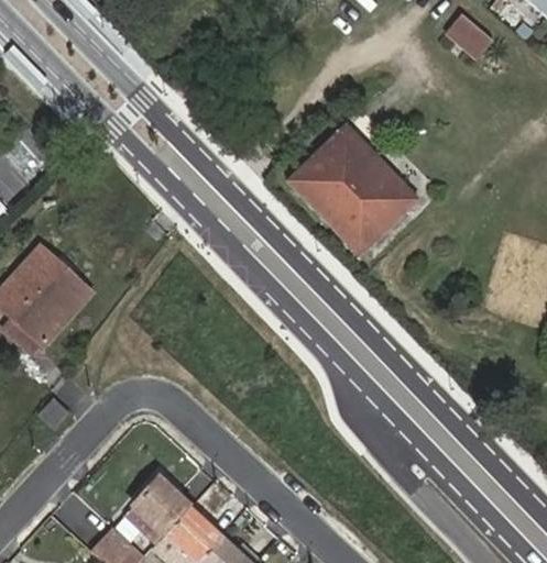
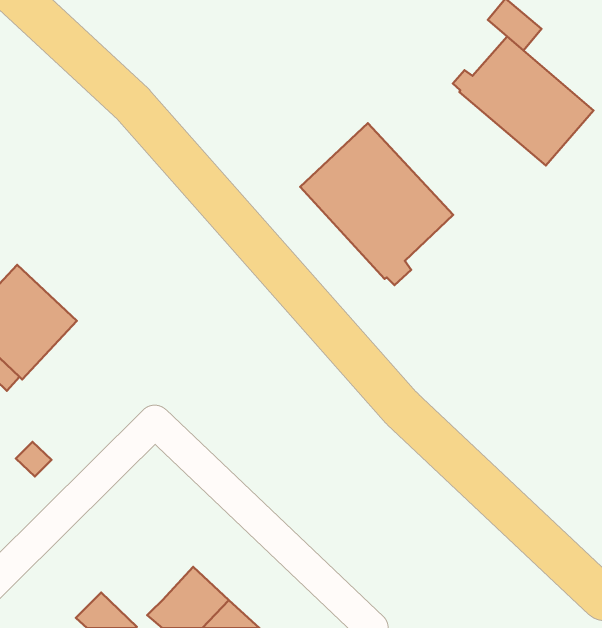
building: none -> [453,36,594,165]
building: [125,476,197,544] -> none

